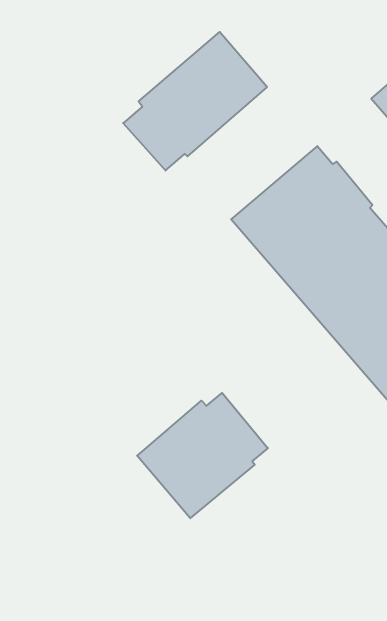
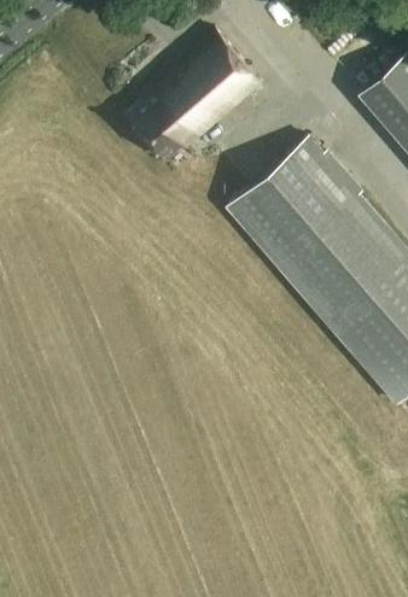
building: [137,393,268,518] -> none

